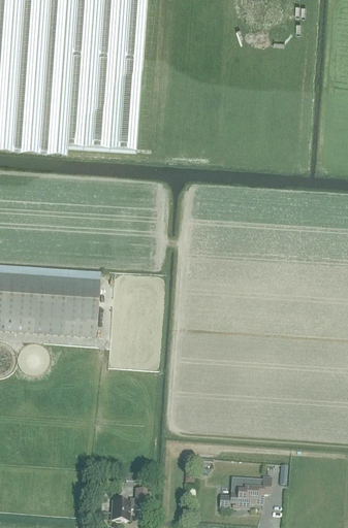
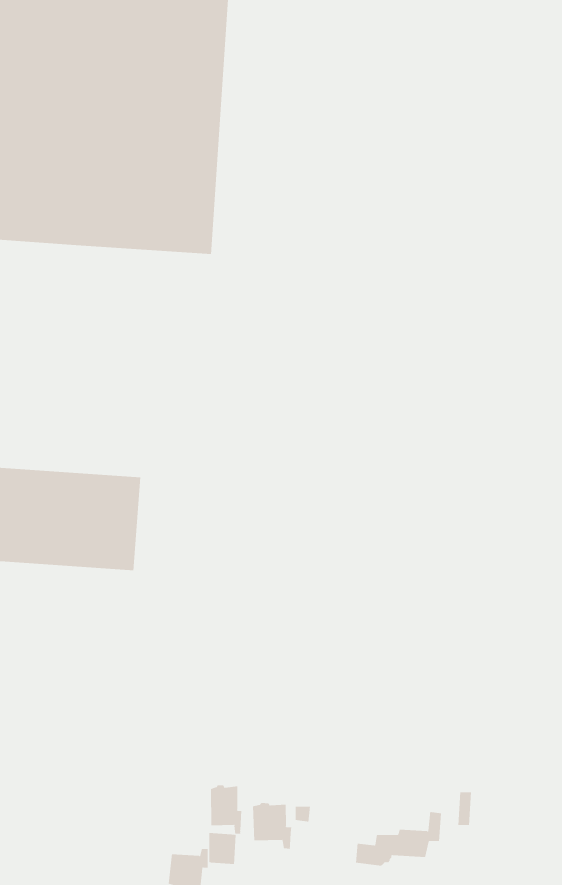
building: none -> [210,784,242,835]
building: none -> [253,802,292,849]

